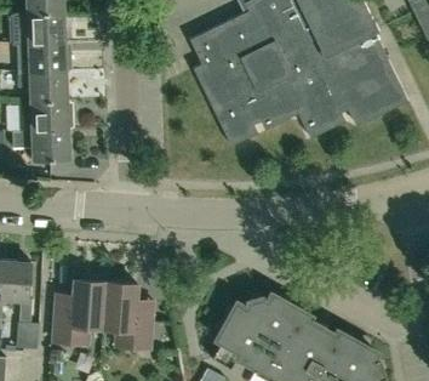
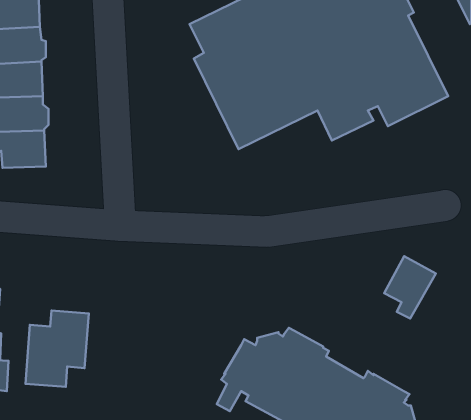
building: none -> [384,256,436,319]
building: [102,284,153,351] -> none

